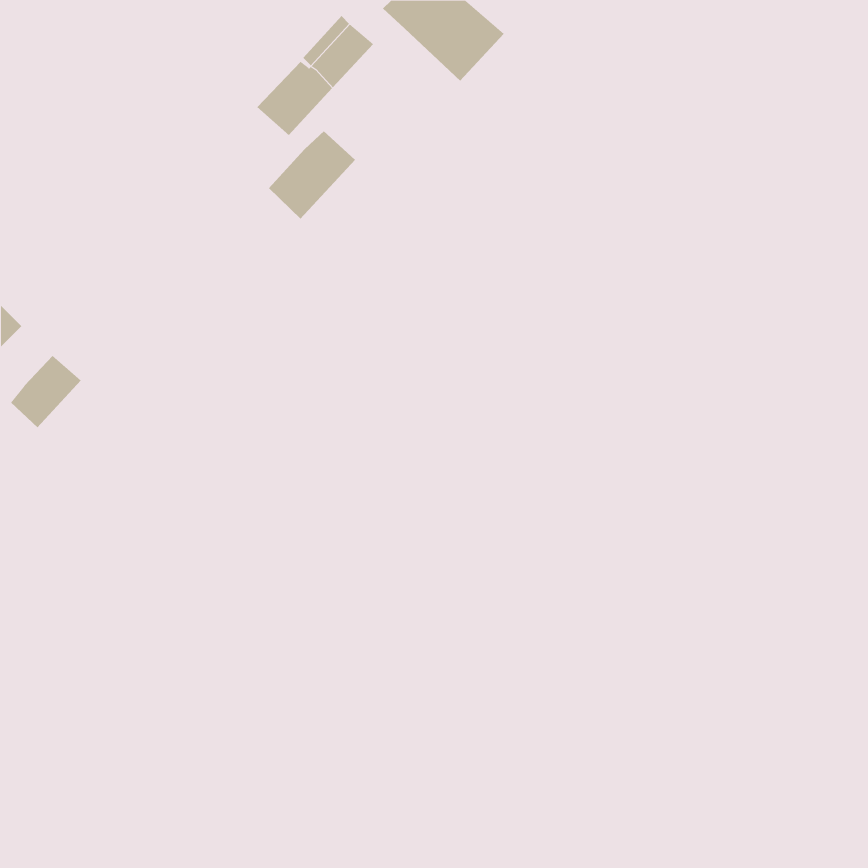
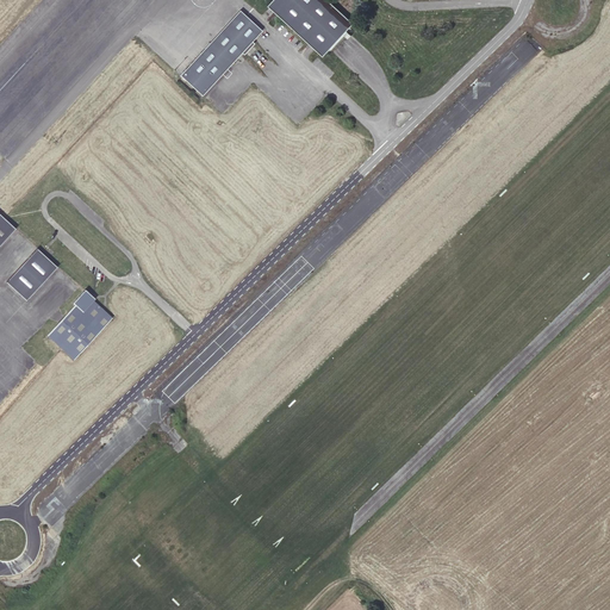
building: [268,130,356,220] -> none
building: none -> [48,290,112,360]

